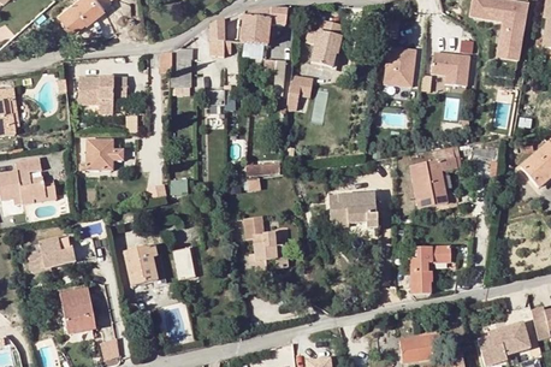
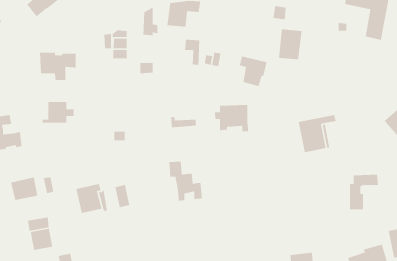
building: [304,28,342,69] -> [239,55,268,87]
building: [432,53,469,87] -> none
building: [330,194,375,230] -> [214,104,249,132]
building: [411,247,450,294] -> [349,174,379,210]

